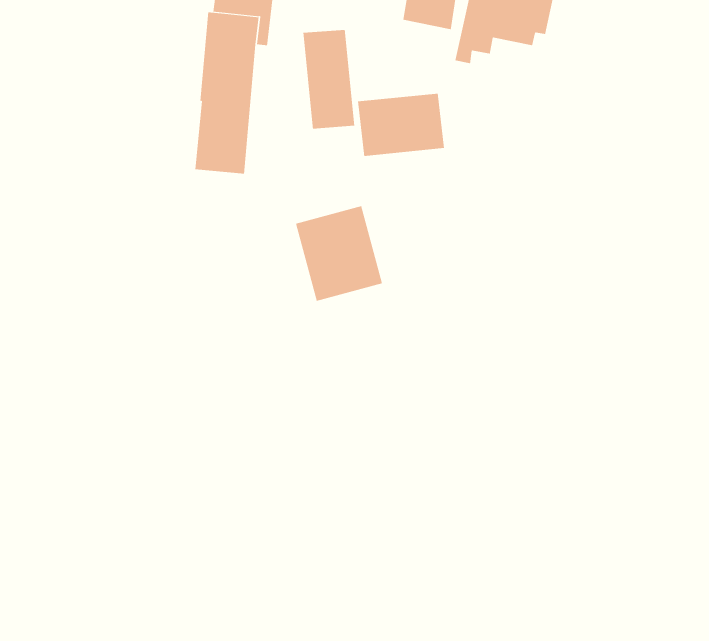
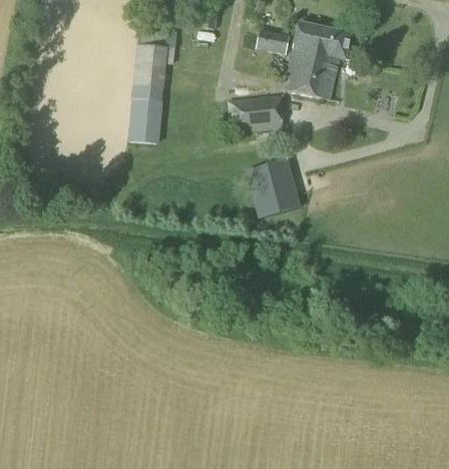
building: [303,29,355,129] -> none
building: none -> [285,60,336,99]
building: [295,205,383,301] -> [246,159,300,218]

